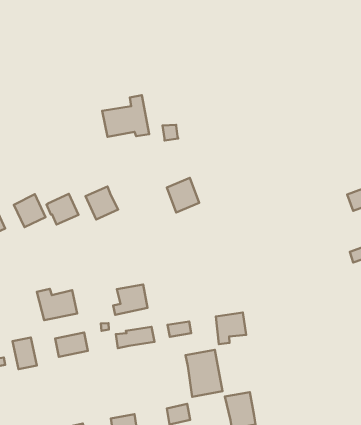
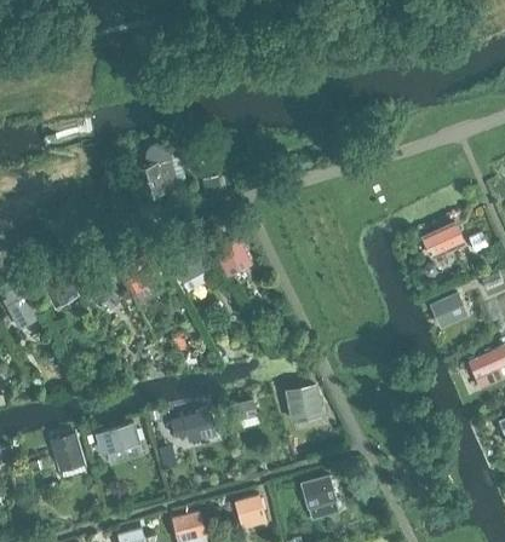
building: none -> [170,247,211,283]
building: [113,284,147,315] -> none
building: [37,289,77,320] -> none
building: [185,350,223,397] -> none

